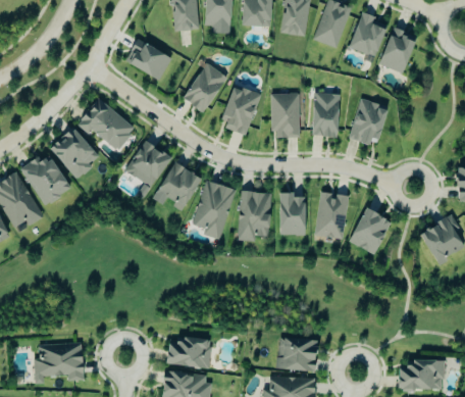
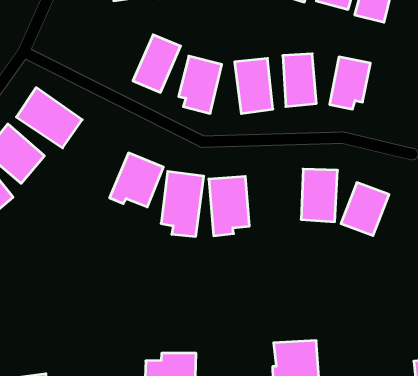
building: [124,39,171,80] -> none
building: [124,140,170,187] -> none
building: [278,192,305,234] -> none

